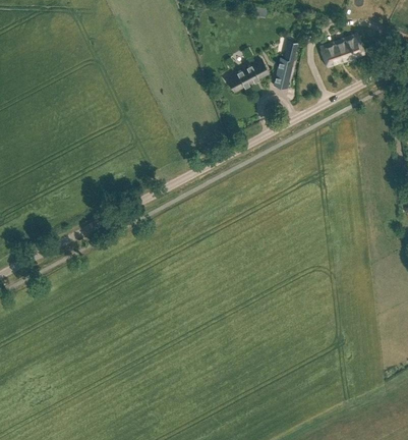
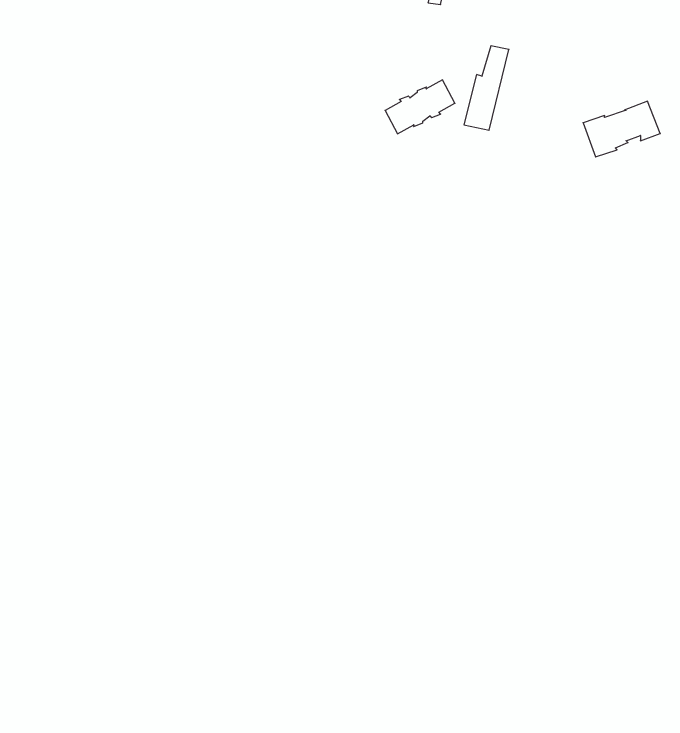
building: [319,35,363,66] -> [583,101,660,157]

